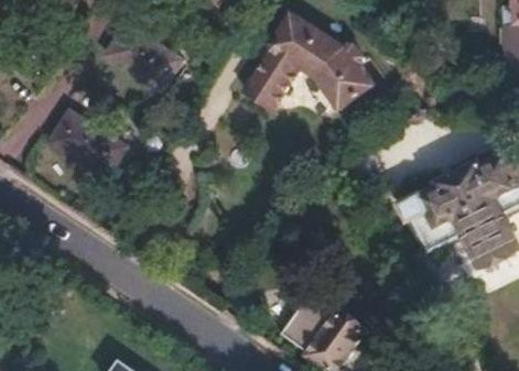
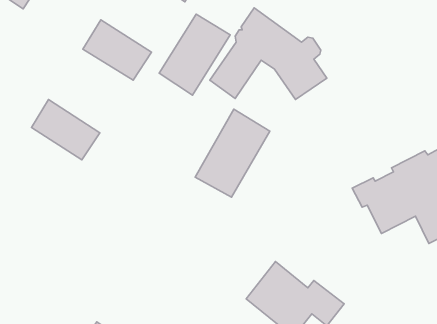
building: none -> [159,14,230,95]
building: none -> [195,109,270,197]

